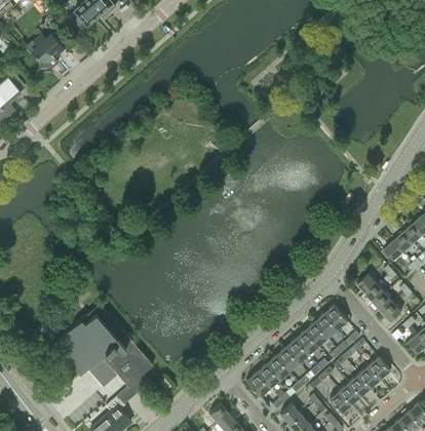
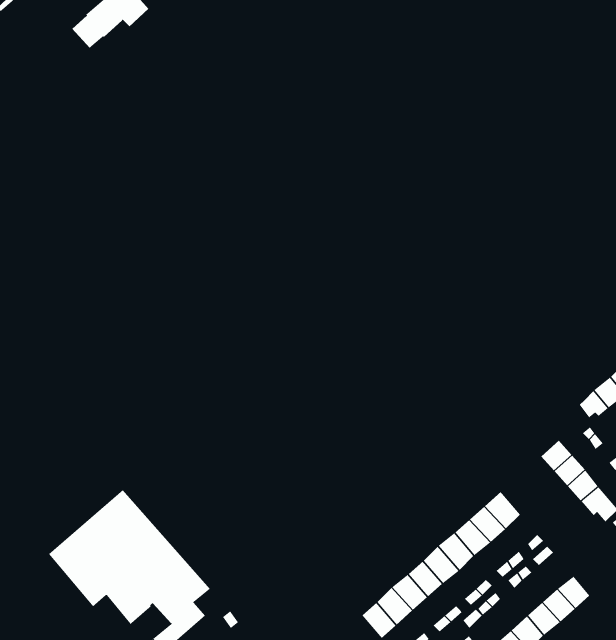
building: [32,35,64,63] -> none

